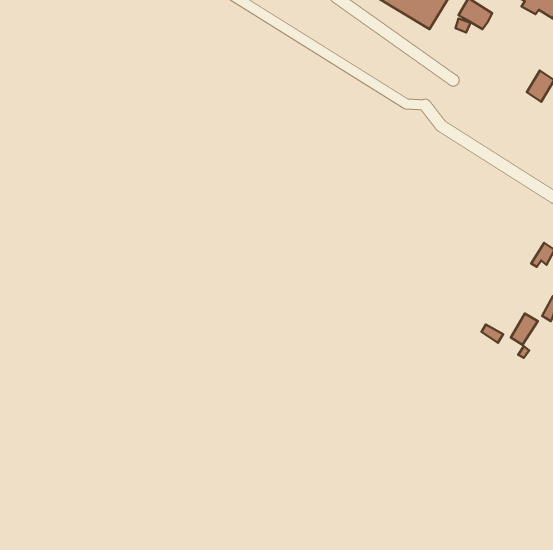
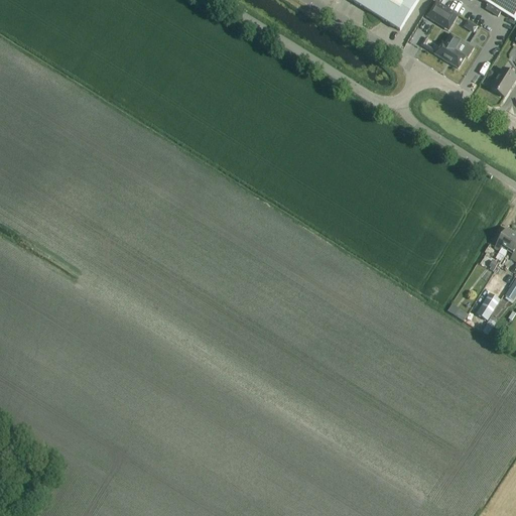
building: none -> [434,30,476,66]

